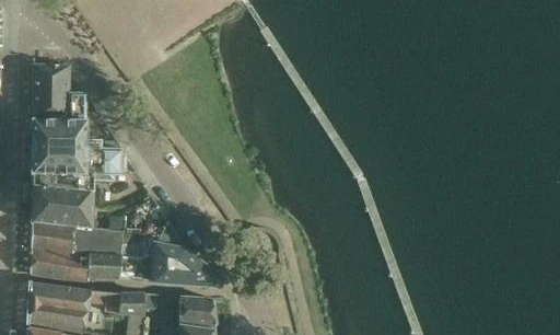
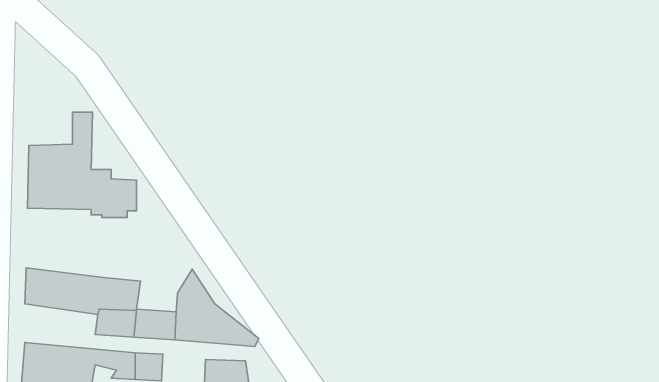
building: [33,66,70,122] -> none
building: [31,173,93,230] -> none
building: [30,252,90,281] -> none

